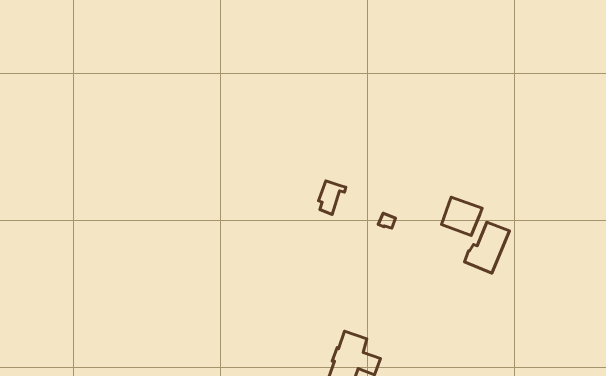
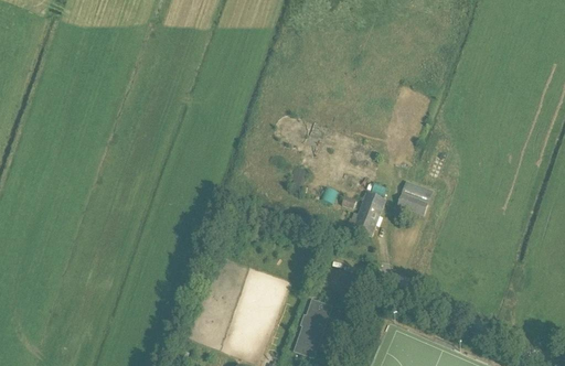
building: [465,222,509,273] -> [345,192,385,237]

